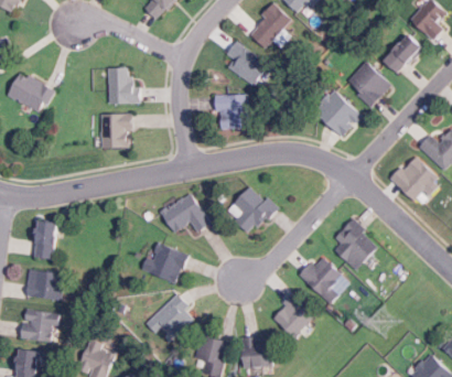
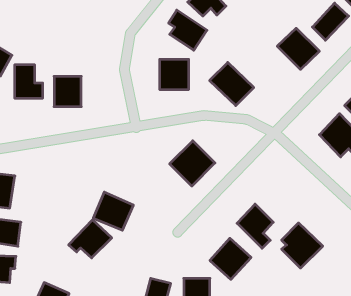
building: [108,67,139,104] -> [15,65,43,98]
building: [313,89,362,137] -> [210,62,254,106]
building: [159,192,208,231] -> none
building: [333,218,378,268] -> [282,223,323,268]
building: [147,293,194,335] -> [69,220,112,258]

